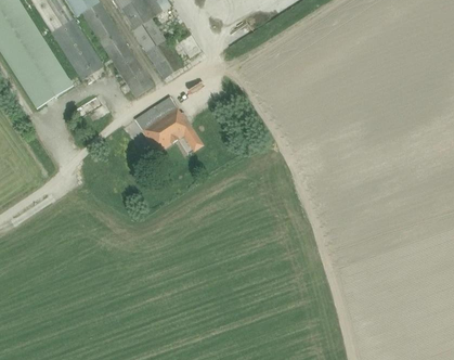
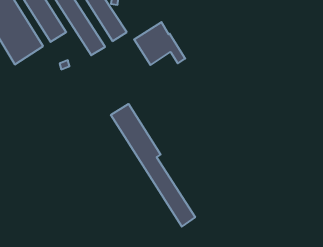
building: [134,97,202,153] -> [134,22,185,65]
building: none -> [111,104,195,227]

